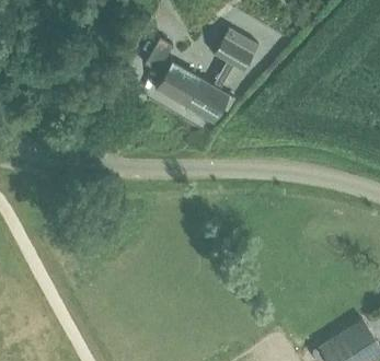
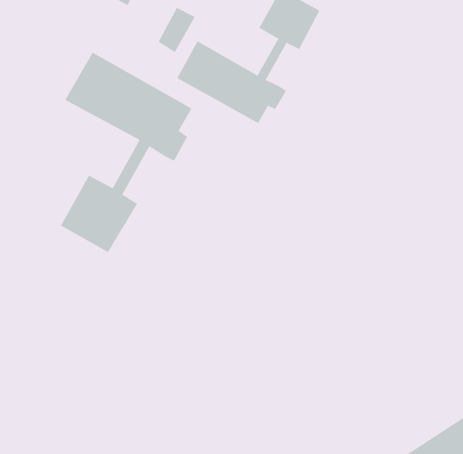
building: none -> [60,52,192,253]

